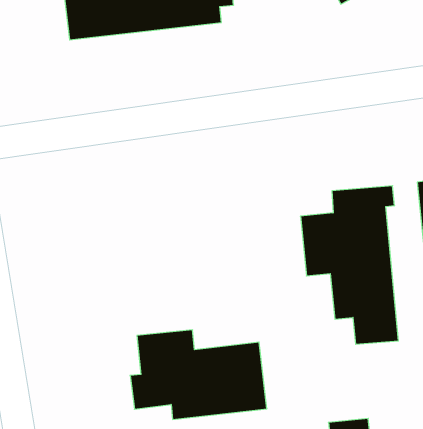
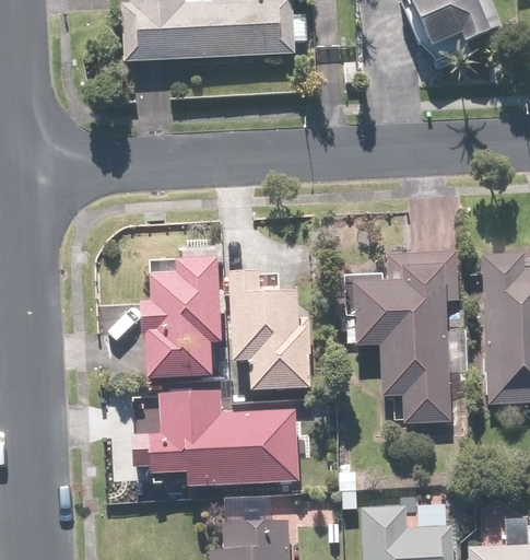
building: none -> [143,255,225,376]
building: none -> [232,272,309,388]

